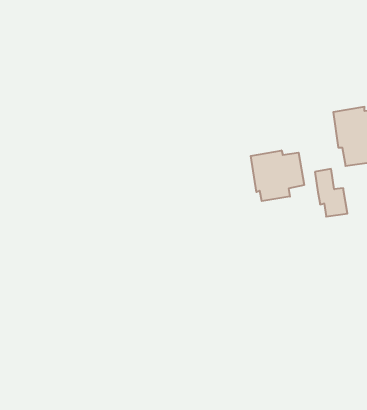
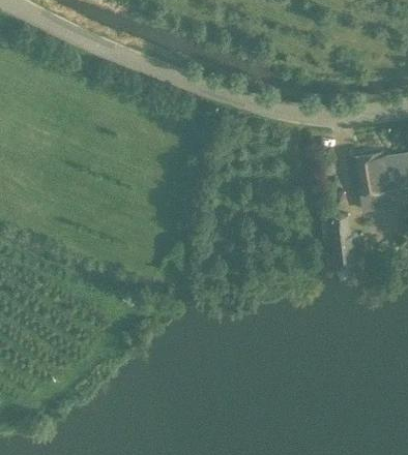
building: [251,150,304,201] -> none

